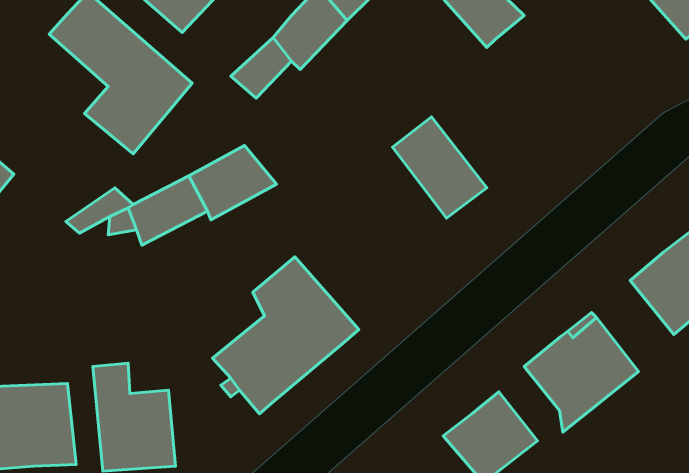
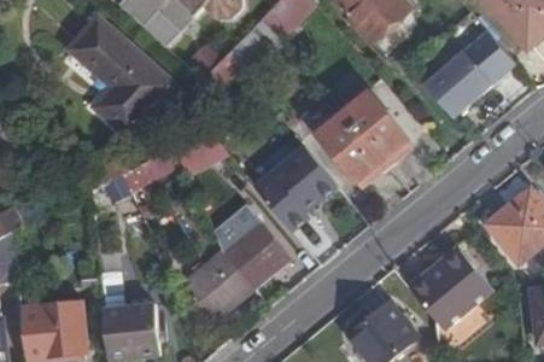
building: none -> [423,30,515,117]
building: none -> [343,87,406,157]
building: none -> [256,144,335,228]

